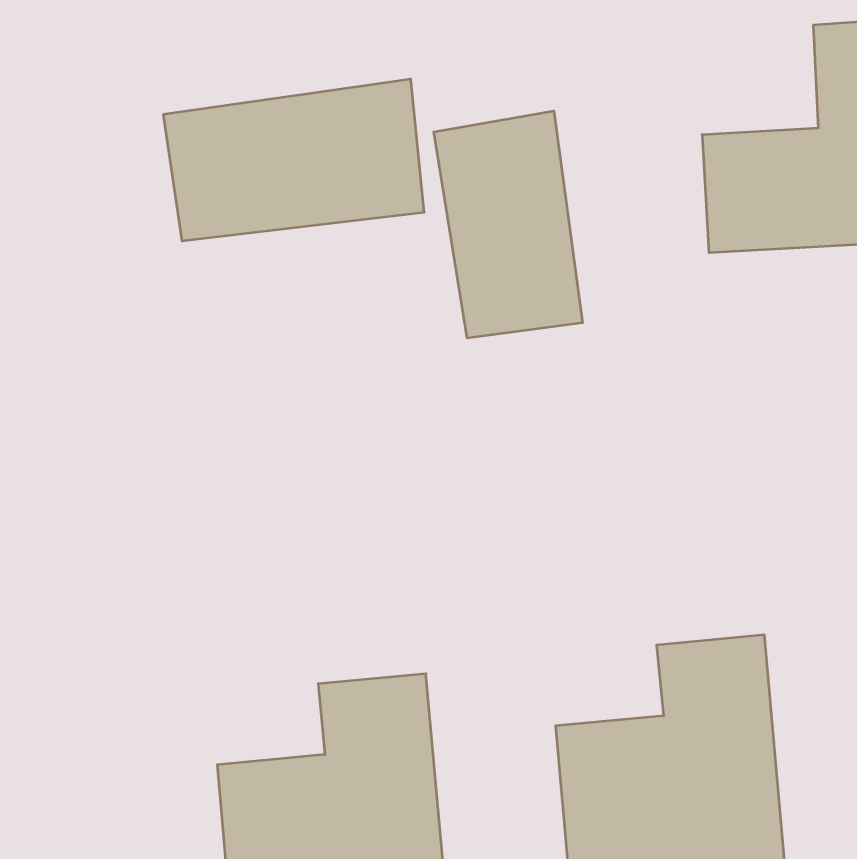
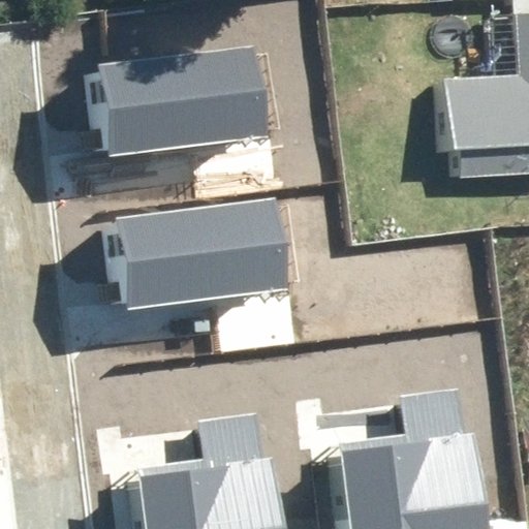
building: [434,111,583,338] -> none
building: none -> [118,204,278,303]

